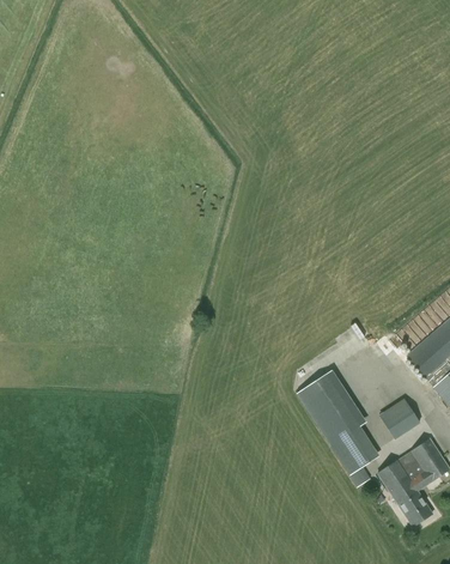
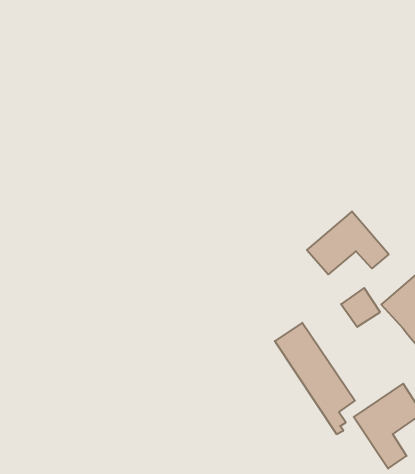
building: none -> [307,211,389,274]
building: [381,398,421,438] -> [341,288,380,327]

